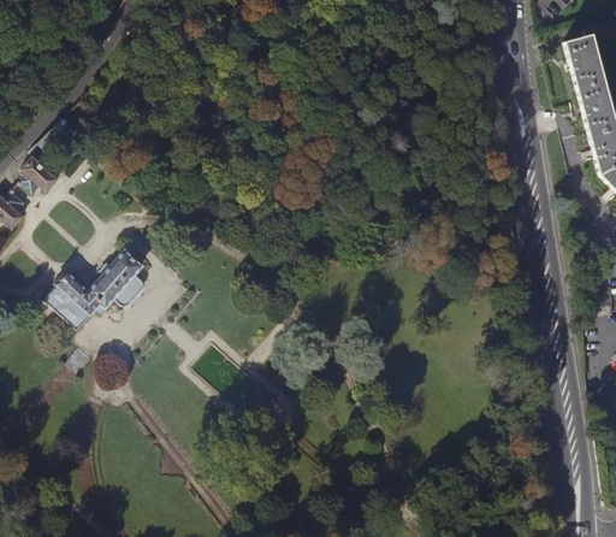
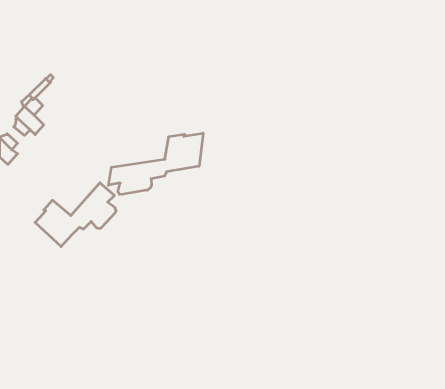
building: none -> [108,133,203,194]

